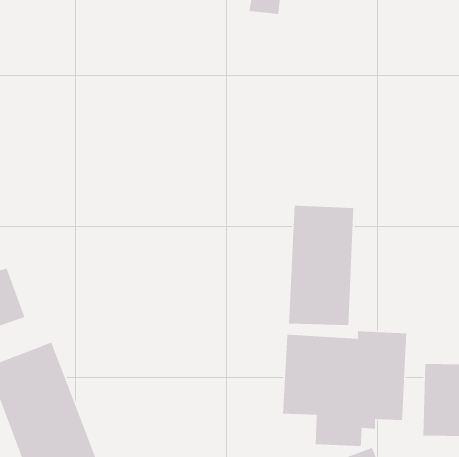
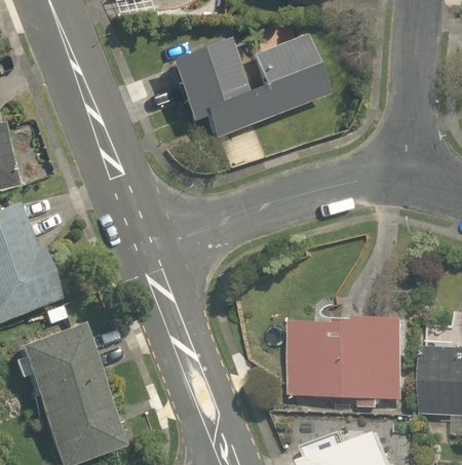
building: none -> [165,36,325,140]
building: [288,205,354,326] -> none

